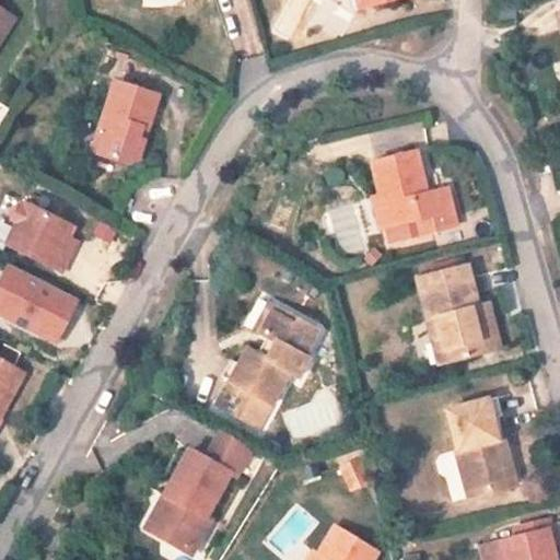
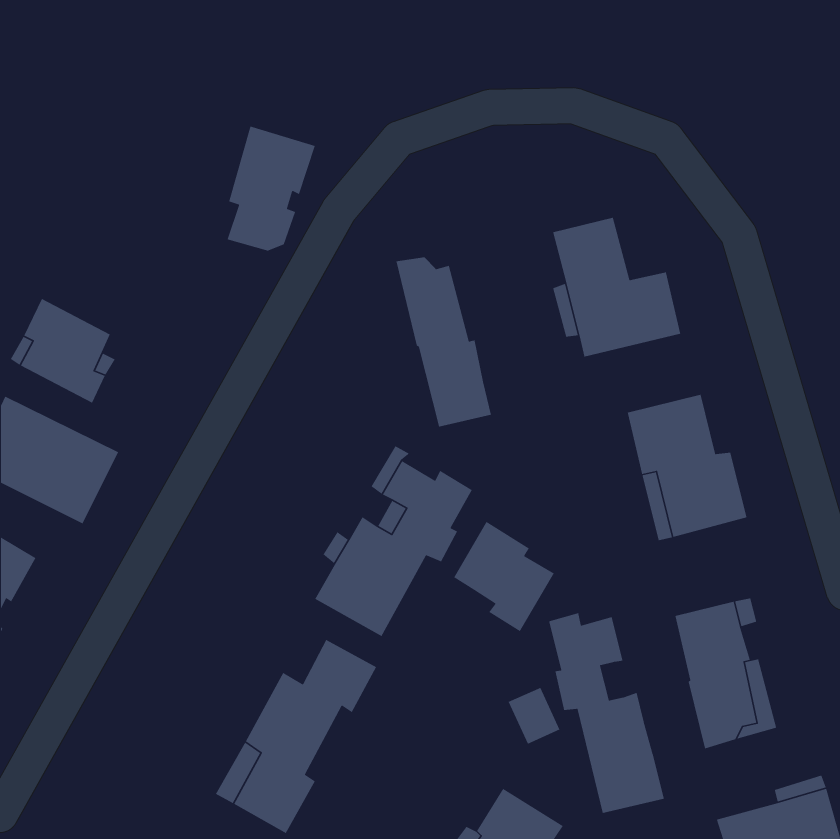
building: [98,82,158,165] -> [227,126,316,251]
building: none -> [396,257,492,428]
building: none -> [453,521,555,632]
building: none -> [548,612,665,814]

